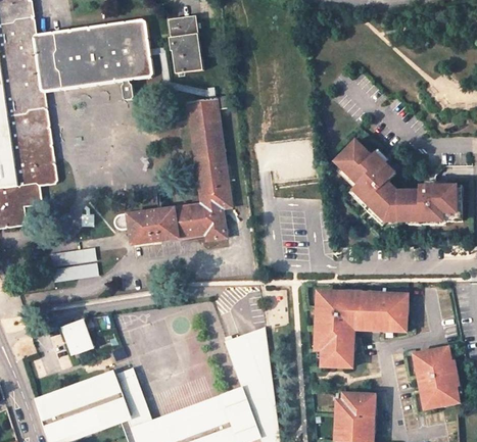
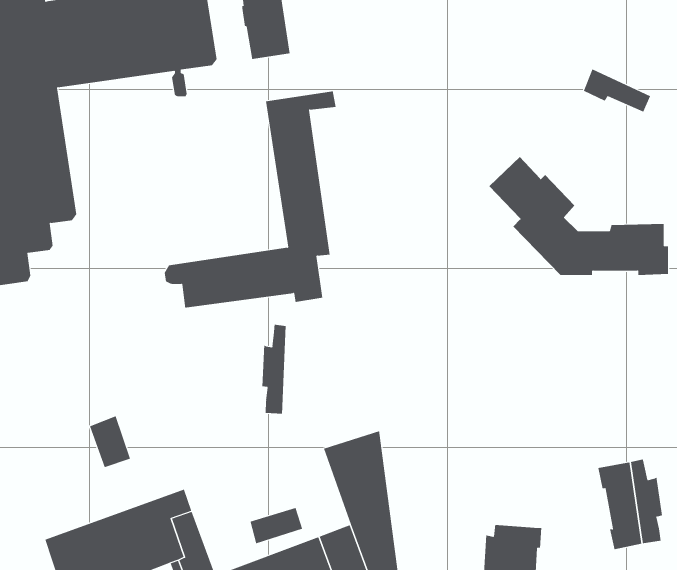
building: none -> [583,69,651,113]
building: [49,247,98,282] -> none
building: none -> [262,324,286,414]
building: [314,290,408,367] -> none
building: none -> [250,507,303,544]

